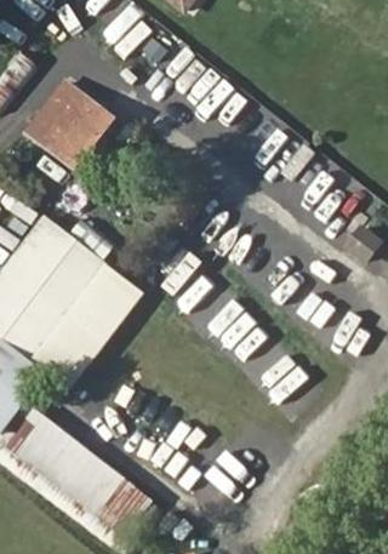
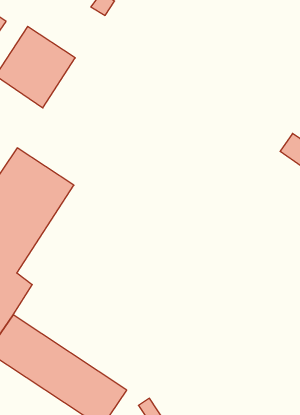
building: [33,263,143,388] -> none

